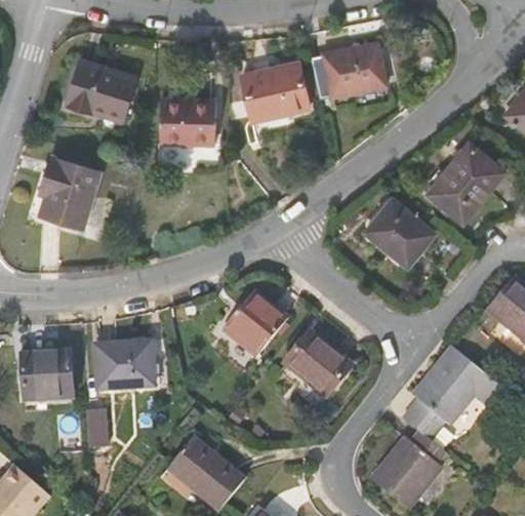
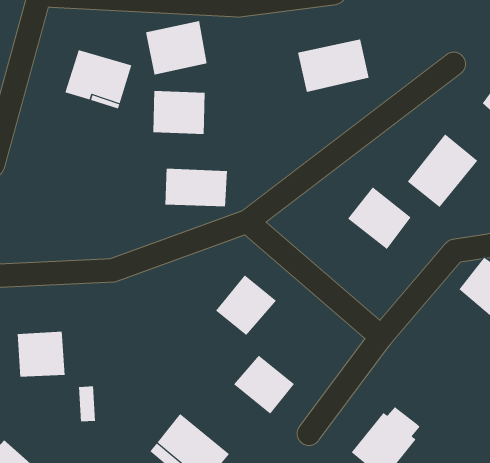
building: [245,64,311,121] -> [145,20,208,75]
building: [37,152,105,224] -> none
building: none -> [165,168,228,207]
building: [285,333,350,396] -> [233,355,295,415]
building: [95,341,152,388] -> none
building: [400,345,504,449] -> none

